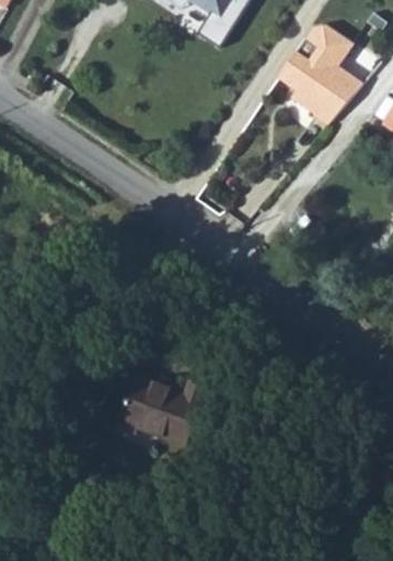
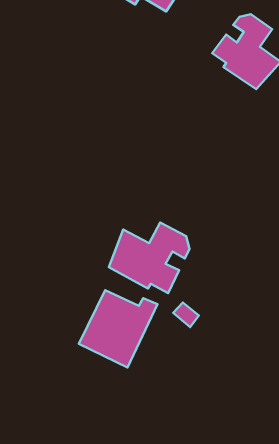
building: none -> [109,223,190,293]

